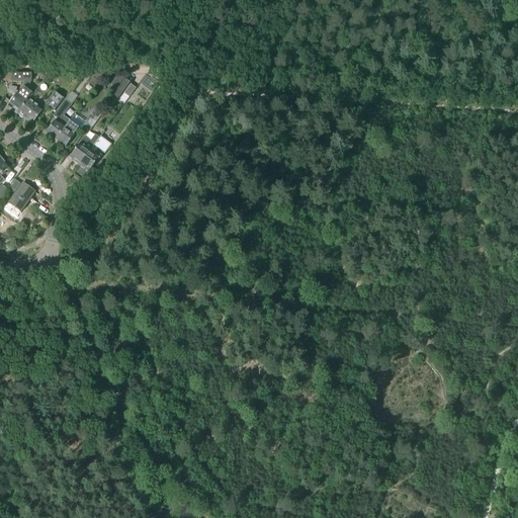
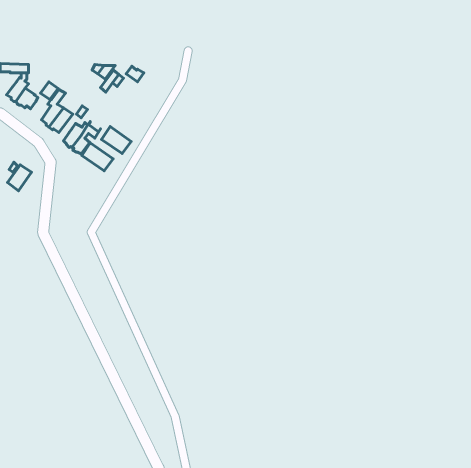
building: none -> [102,127,131,154]
building: none -> [82,143,113,171]

